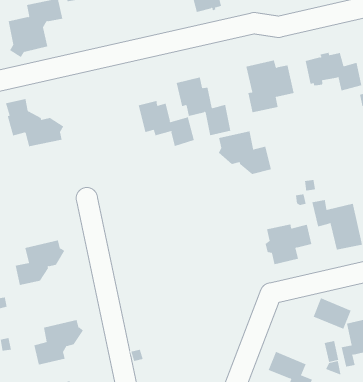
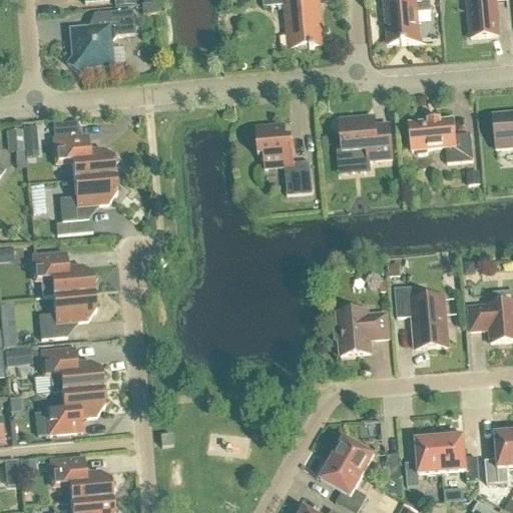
building: [138,100,194,147] -> none
building: [218,131,271,175] -> none
building: none -> [56,173,120,232]
building: none -> [33,250,97,295]
building: none -> [41,346,106,391]
building: [313,298,351,330] -> [329,434,375,475]

